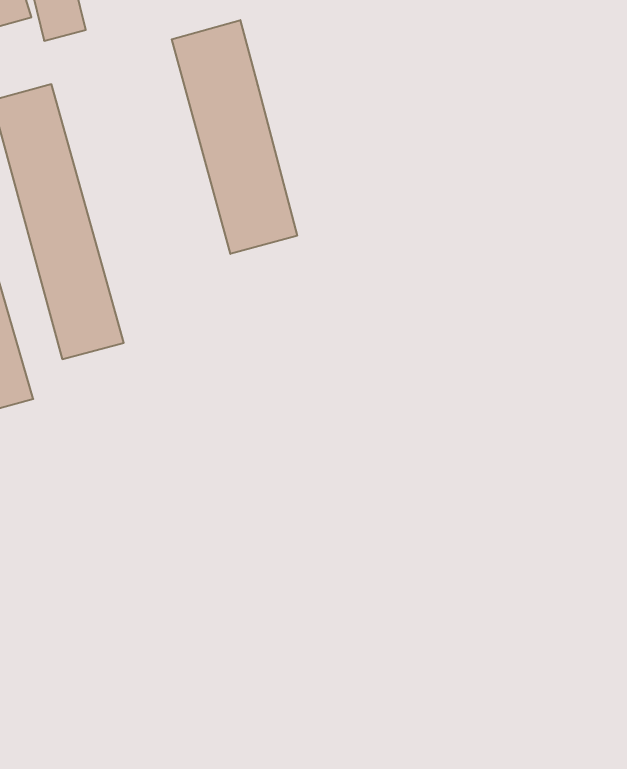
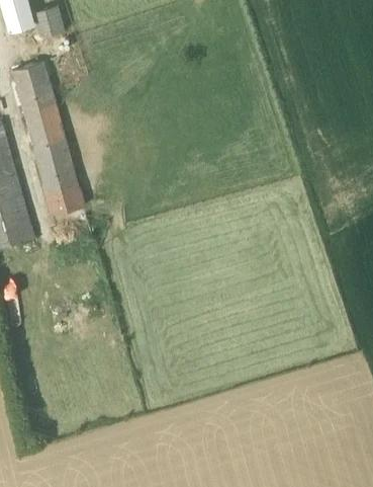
building: [172,20,297,254] -> none

